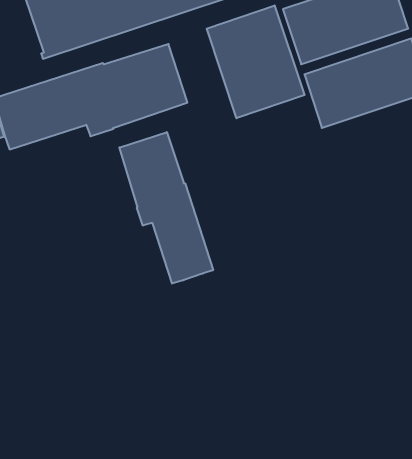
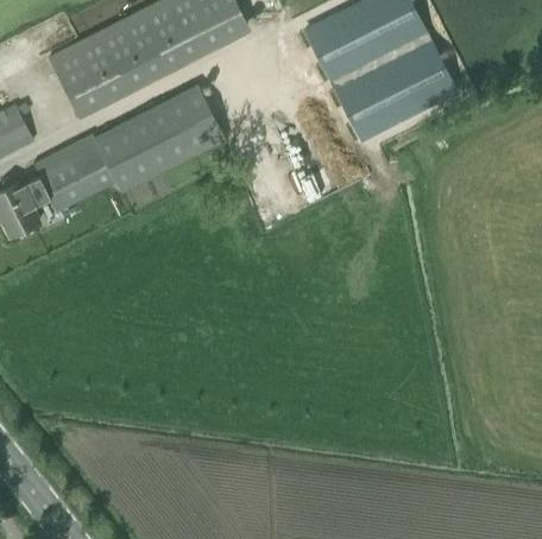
building: [207,5,305,118] -> none
building: [119,132,213,284] -> none

